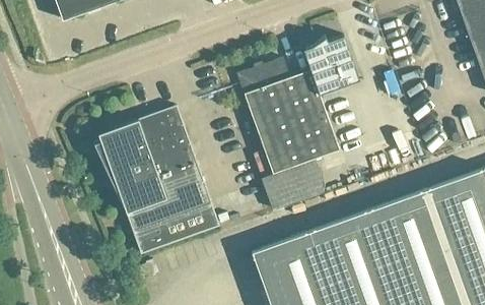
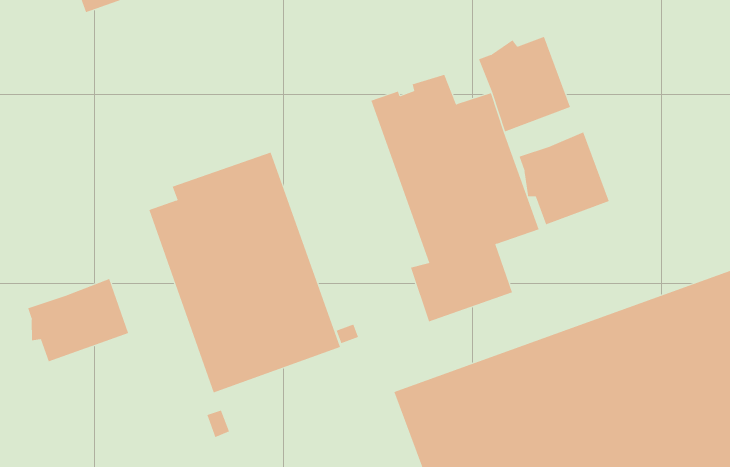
building: none -> [519,132,609,225]
building: none -> [27,278,129,362]

